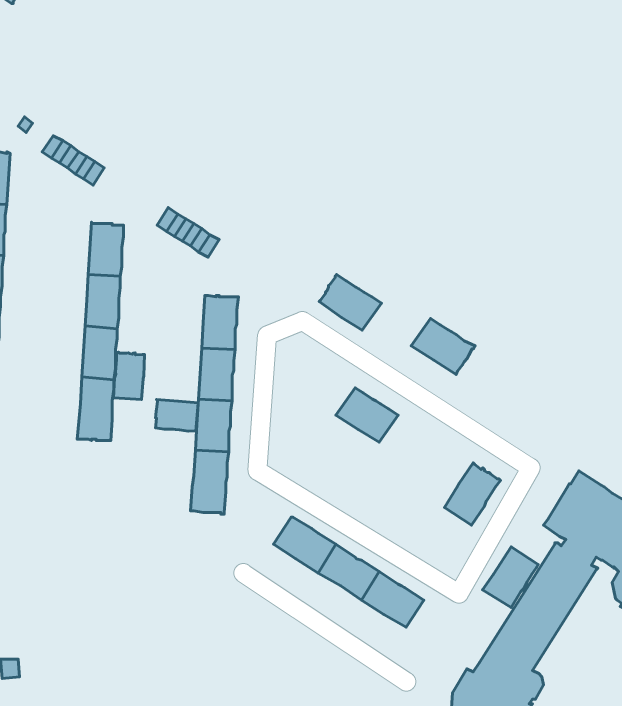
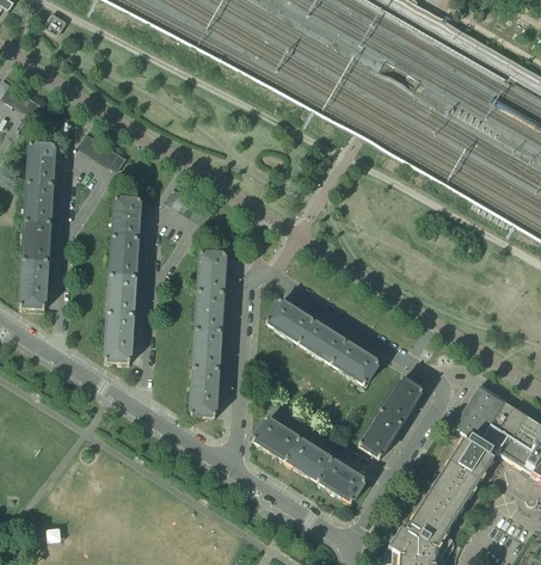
building: [319,274,381,330] -> [266,299,313,340]
building: [411,319,475,374] -> [331,340,379,382]
building: [113,352,144,400] -> none
building: [155,400,198,431] -> none
building: [482,547,538,608] -> [358,410,400,455]

